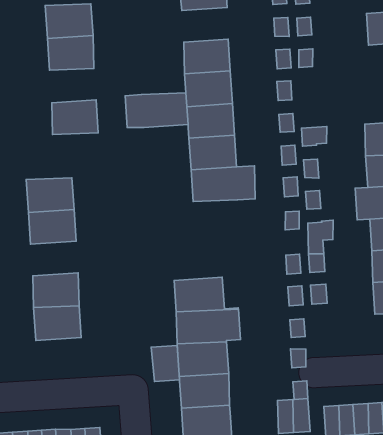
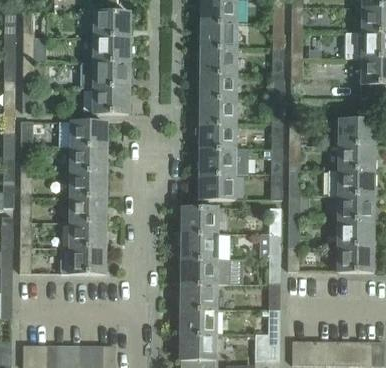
building: none -> [201,21,237,46]
building: [125,93,188,128] -> [81,61,129,87]
building: none -> [70,121,107,147]
building: none -> [199,172,235,199]
building: none -> [70,197,106,222]
building: none -> [181,207,220,233]
building: [151,346,180,382] -> none

